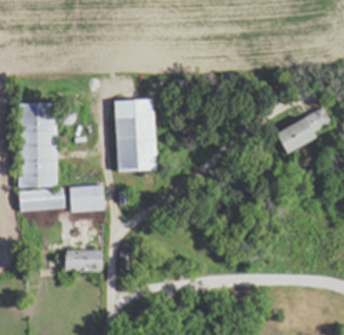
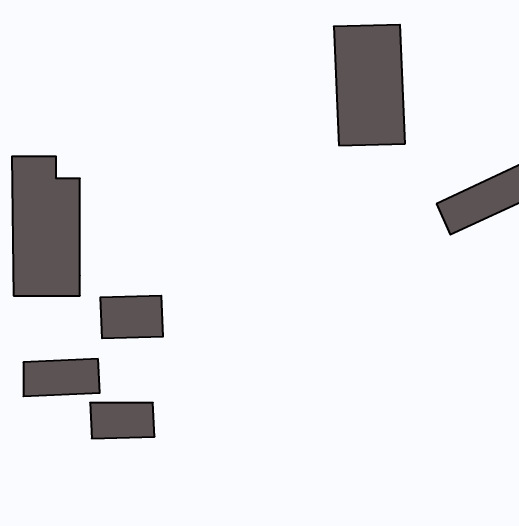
building: [114,99,157,171] -> [334,25,405,145]
building: [19,188,65,211] -> [23,359,100,396]

